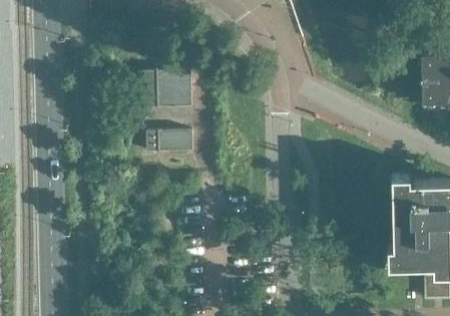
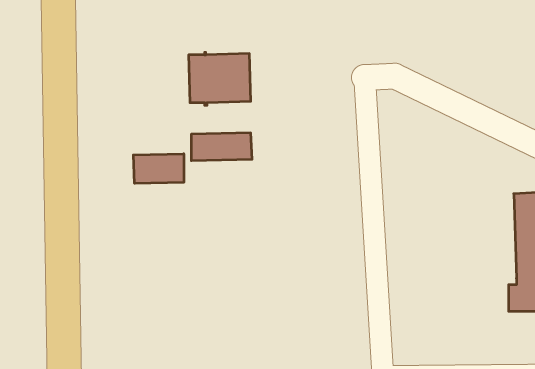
building: none -> [133,154,184,183]

